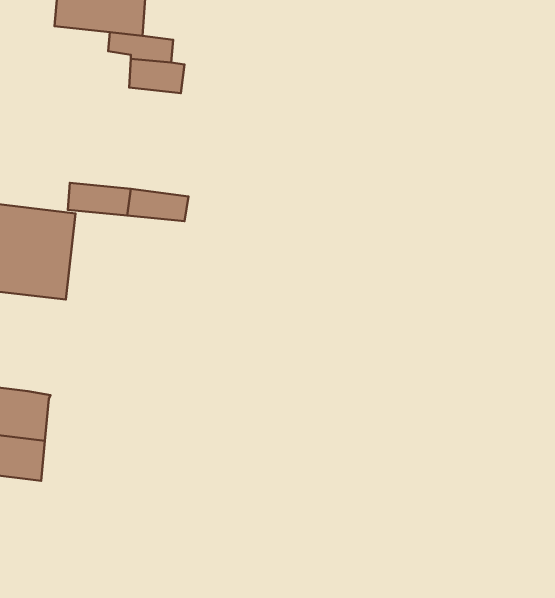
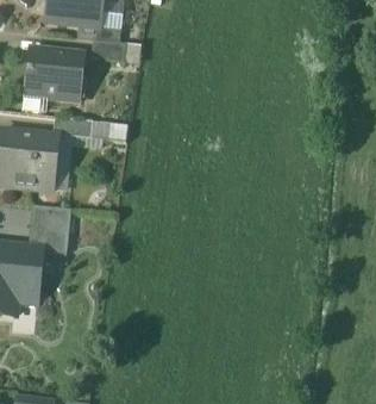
building: none -> [24,49,84,99]
building: none -> [29,205,71,254]

